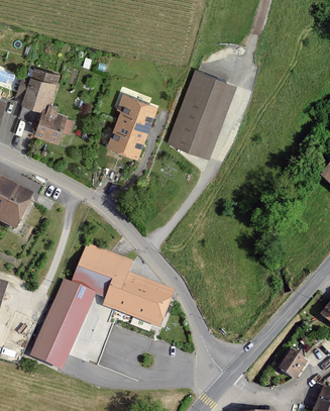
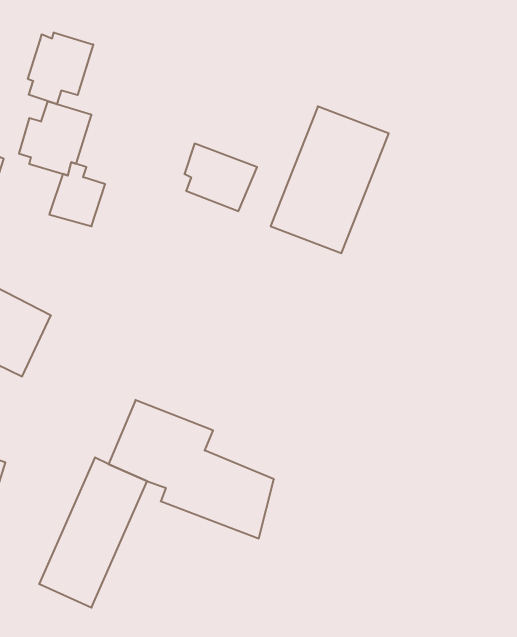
building: none -> [28,32,93,104]
building: [106,119,147,159] -> none
building: [280,351,307,379] -> none

